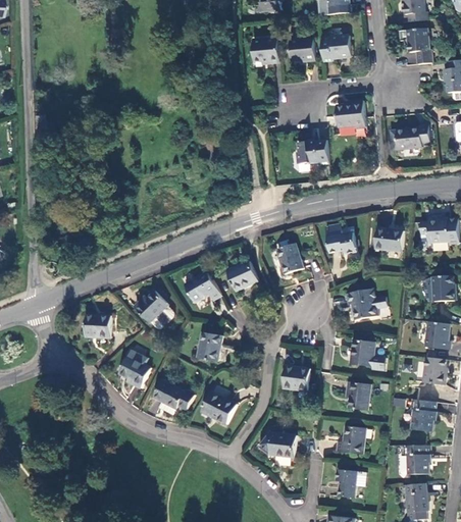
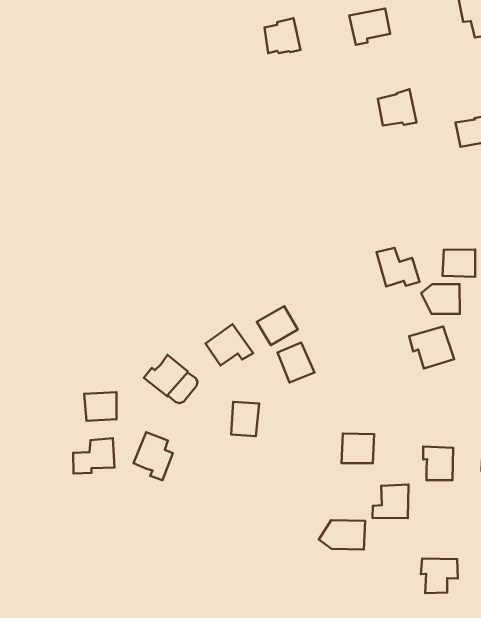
building: [290,39,316,61] -> none
building: [298,140,329,164] -> none
building: [276,244,304,274] -> [278,343,315,383]
building: none -> [421,284,460,314]
building: [351,340,386,371] -> none
building: none -> [73,438,115,474]
building: [154,380,195,415] -> none
building: [201,392,237,425] -> none
building: [336,426,366,454] -> [373,484,408,518]

